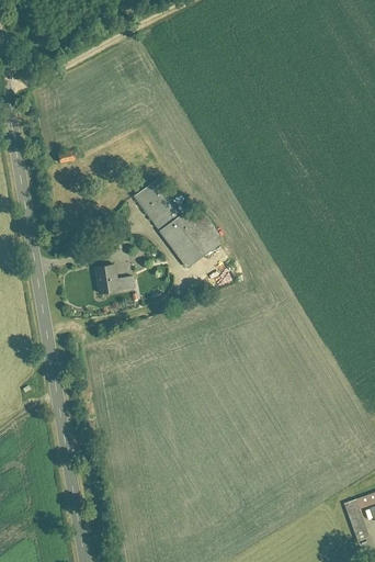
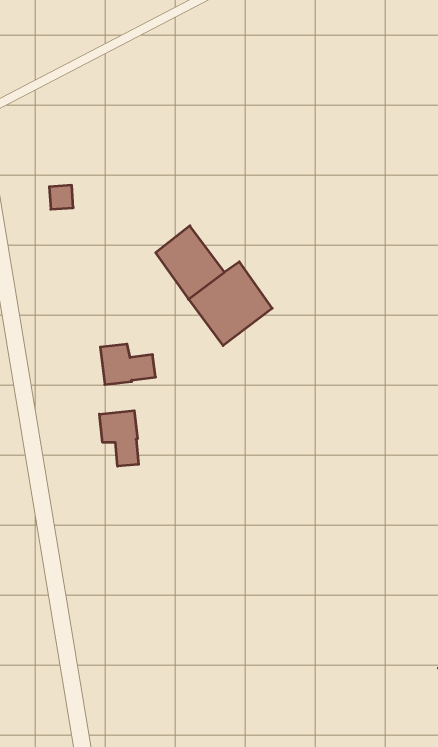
building: none -> [99,411,139,466]

